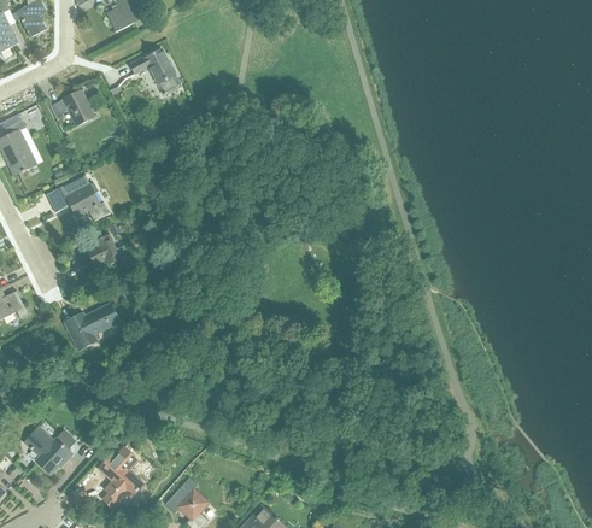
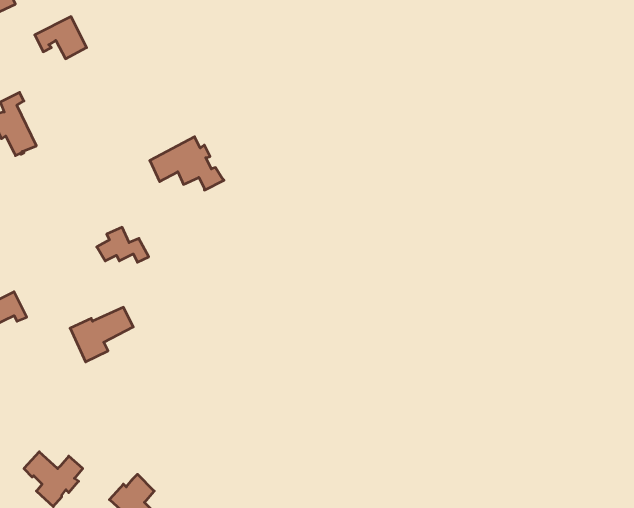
building: [130,49,181,95] -> none
building: [49,89,94,125] -> [35,17,87,59]
building: [47,175,111,221] -> [150,137,224,190]

